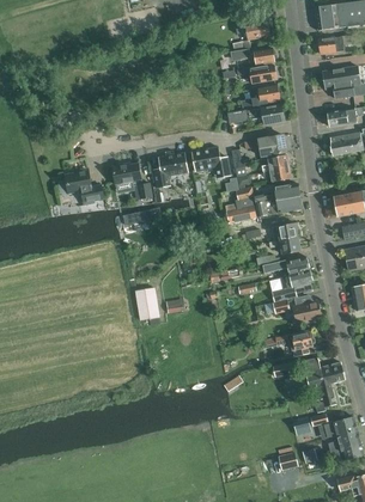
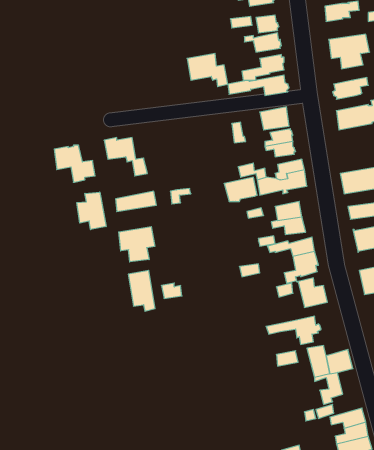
building: [191,146,230,177] -> [187,53,228,87]
building: [152,152,188,188] -> none
building: none -> [77,192,106,230]
building: none -> [119,227,155,262]

